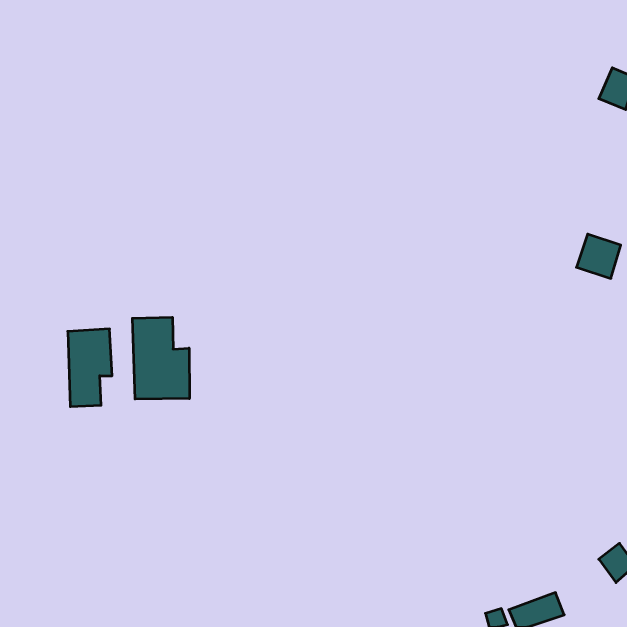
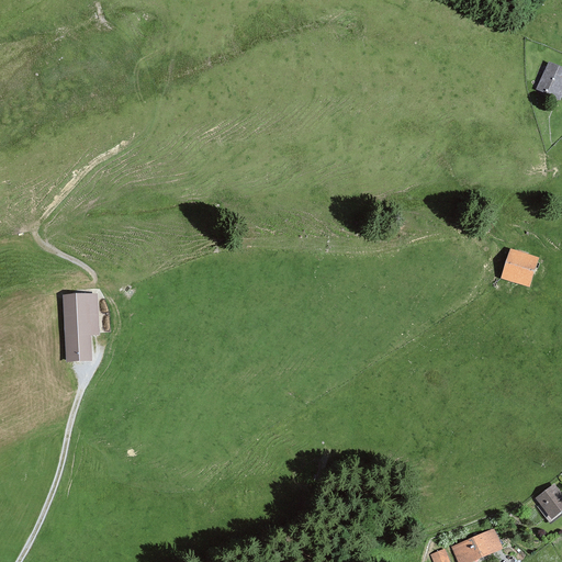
building: [576,234,621,278] -> [501,247,540,286]
building: [132,317,189,399] -> none

